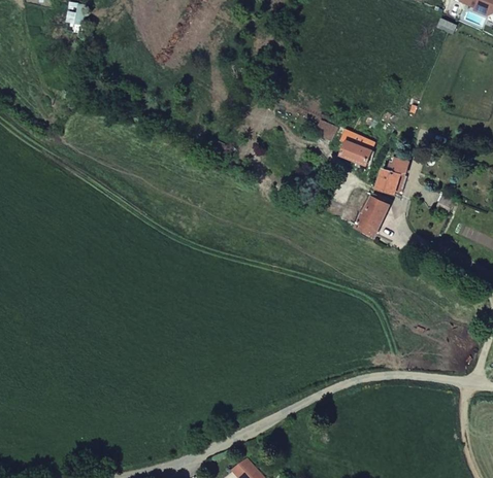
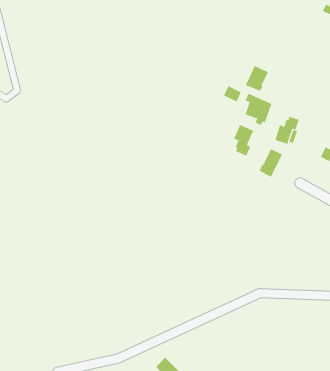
building: none -> [245,65,269,92]
building: none -> [233,124,254,156]

